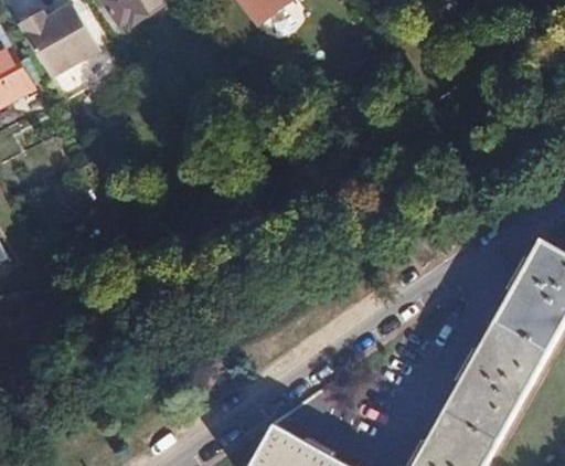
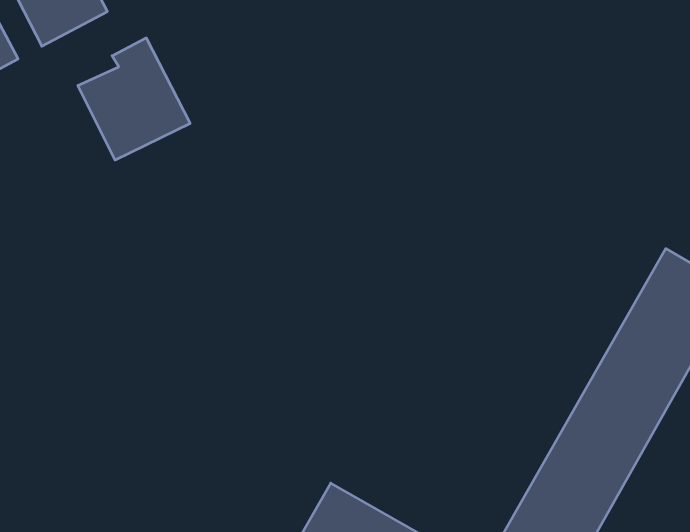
building: none -> [78,38,190,160]

